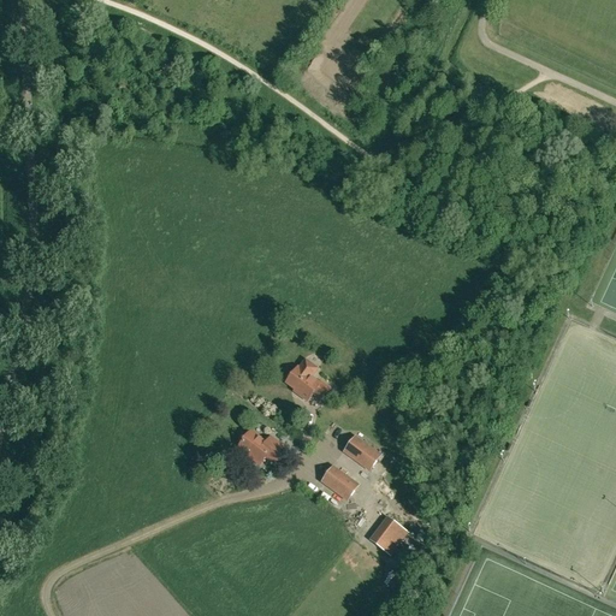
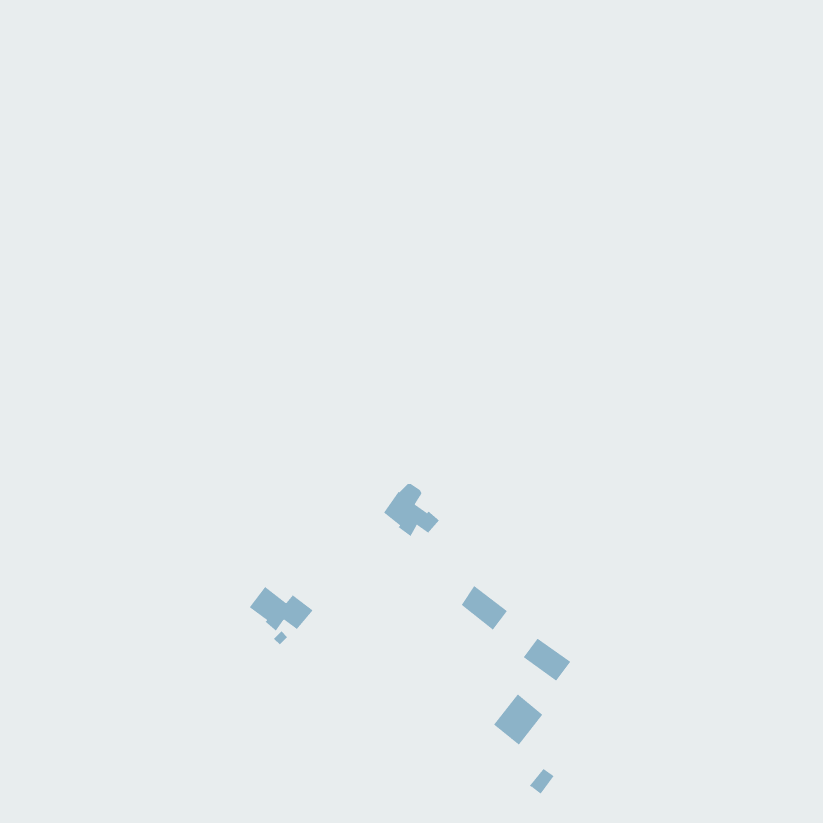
building: [237,430,285,463] -> [249,586,313,632]
building: [320,466,356,498] -> [523,638,571,681]

